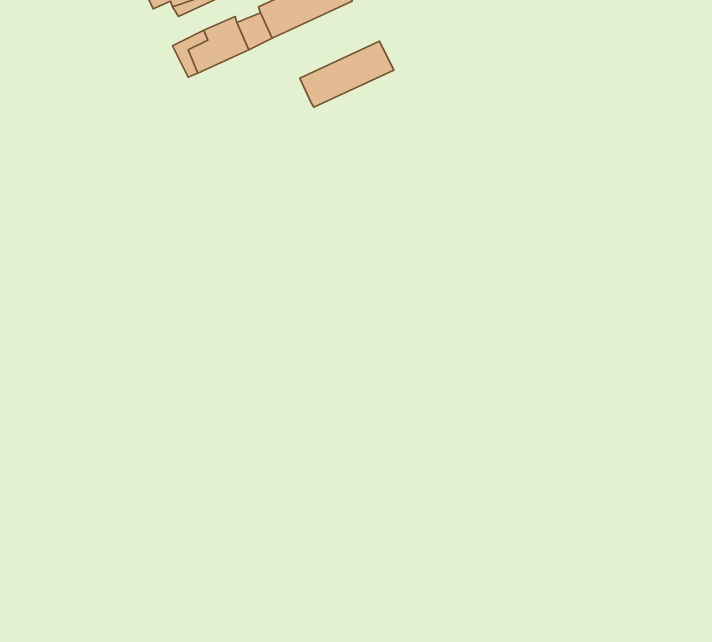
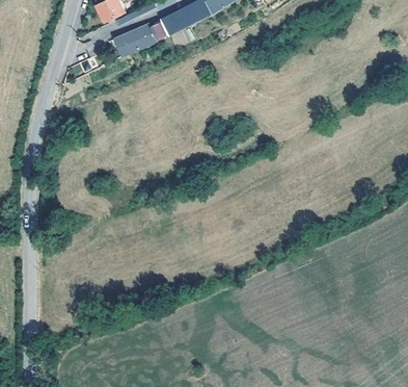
building: [300,41,394,107] -> none

